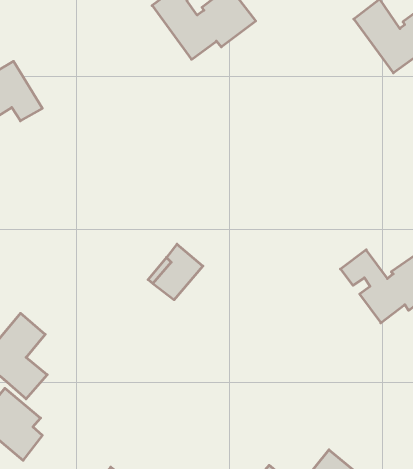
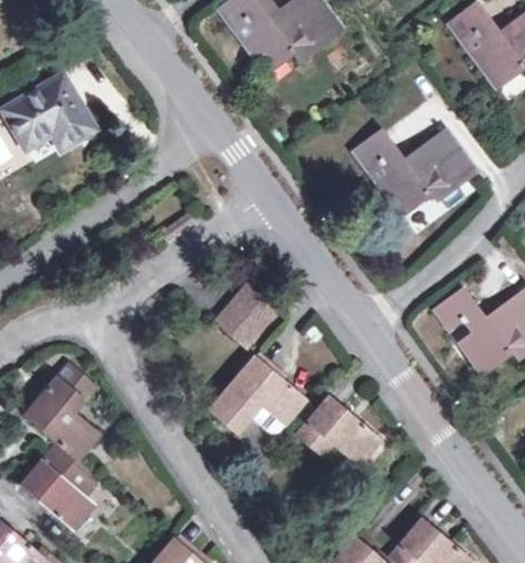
building: none -> [353,131,473,214]
building: none -> [211,356,306,431]
building: none -> [294,395,380,465]

